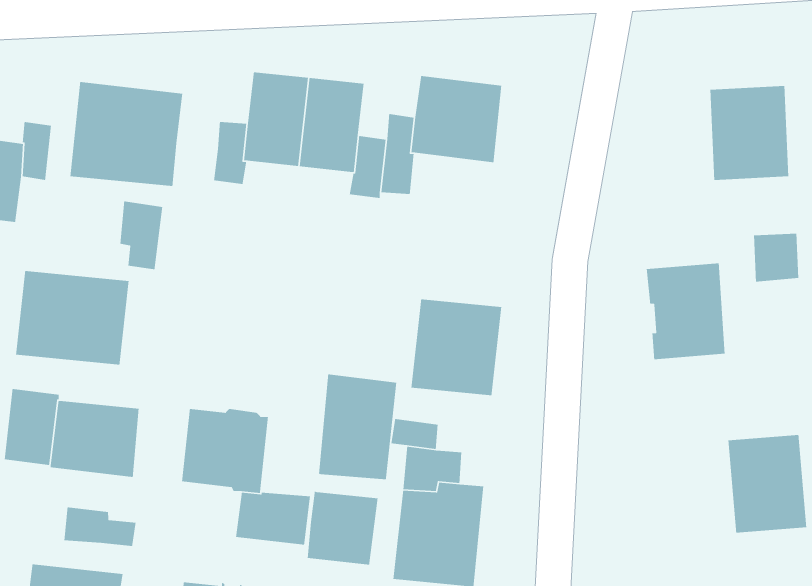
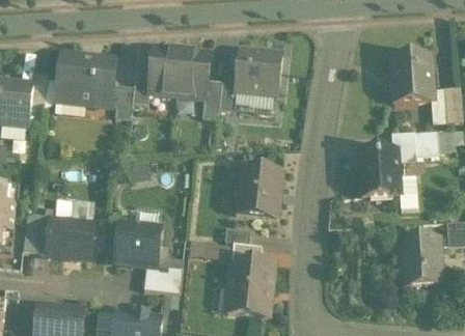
building: [119,200,163,270] -> [110,84,133,120]
building: [15,270,129,366] -> none
building: [318,373,397,480] -> none
building: [307,491,378,565] -> none
building: [64,507,136,547] -> none

